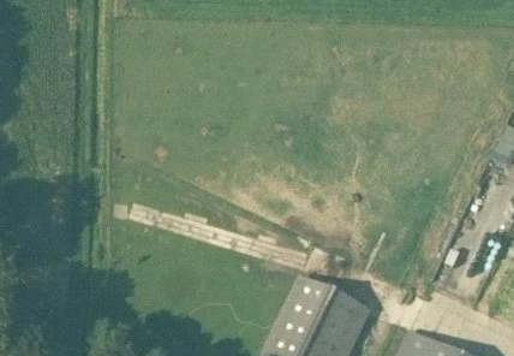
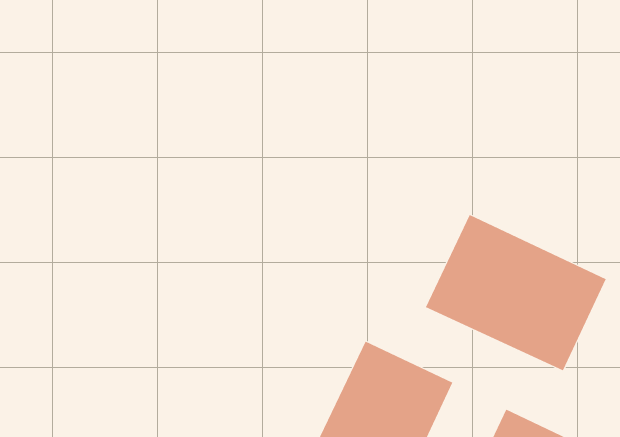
building: none -> [425,214,606,371]

